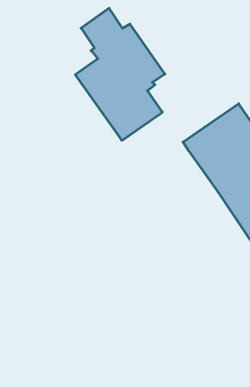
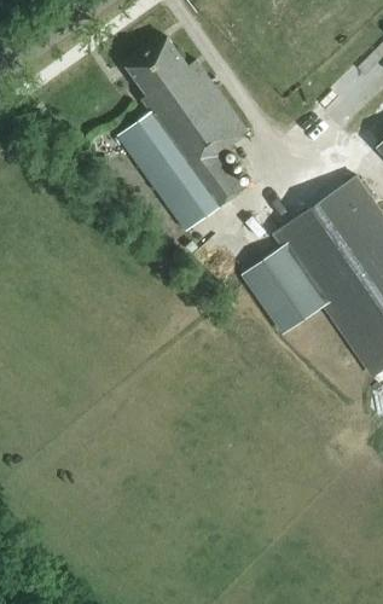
building: none -> [240,245,325,335]

